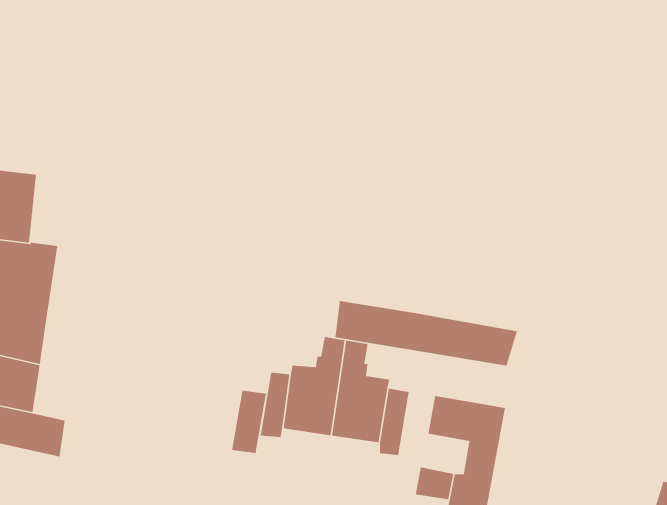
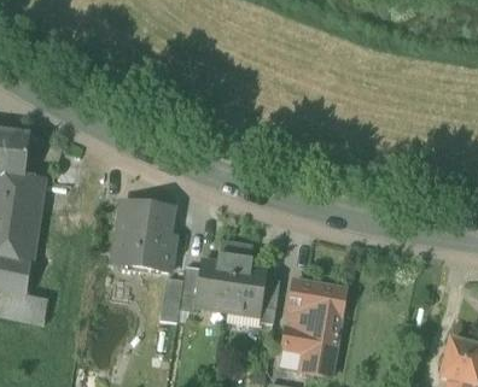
building: none -> [113,200,174,270]
building: [335,300,518,366] -> none

